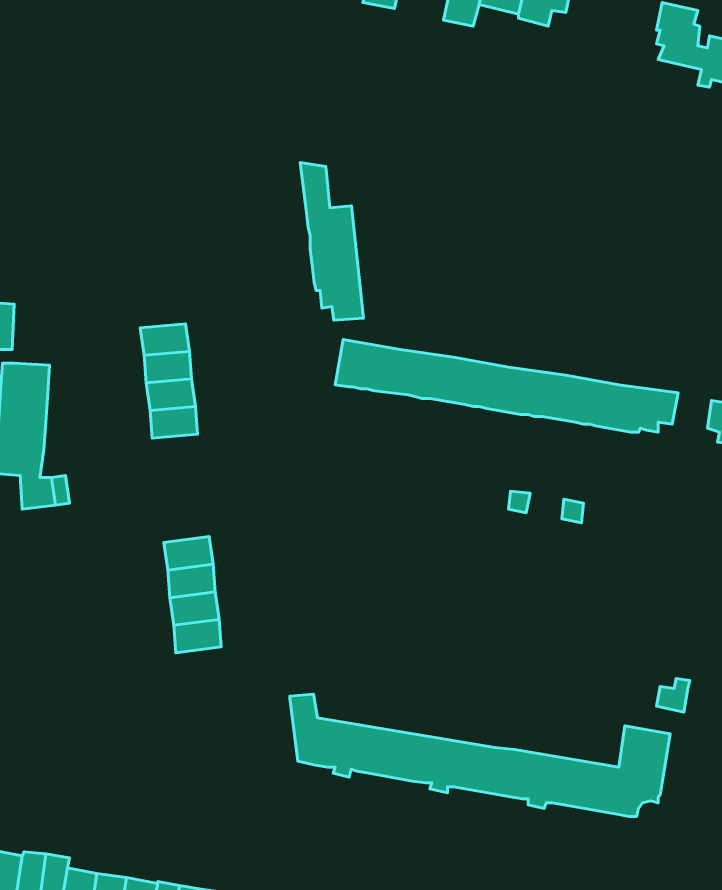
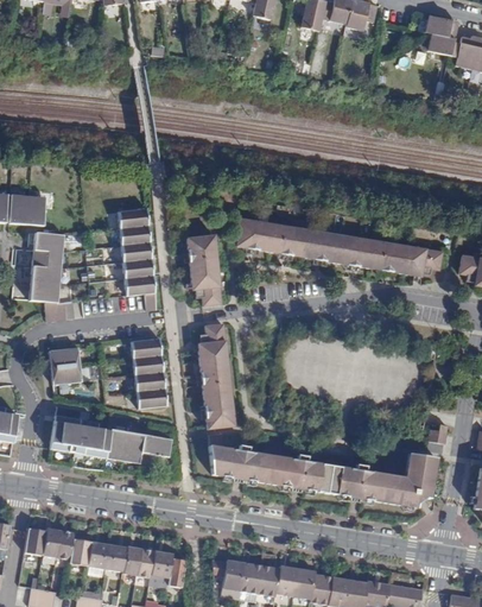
building: [300,162,363,320] -> [183,209,221,304]
building: none -> [125,276,156,310]
building: none -> [198,323,234,428]
building: none -> [50,347,82,382]
building: none -> [51,415,171,462]

